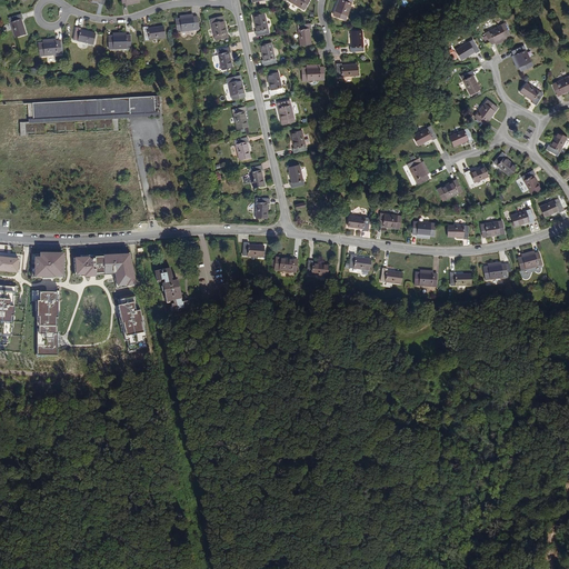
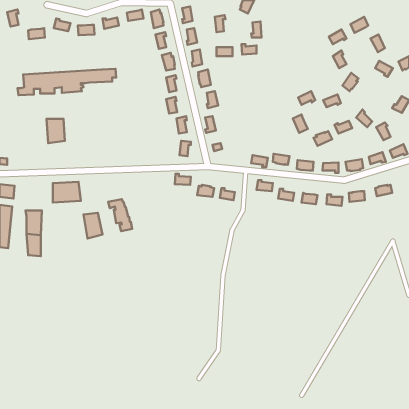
building: none -> [46,119,65,143]
building: [109,250,136,298] -> none
building: [34,253,64,280] -> none

